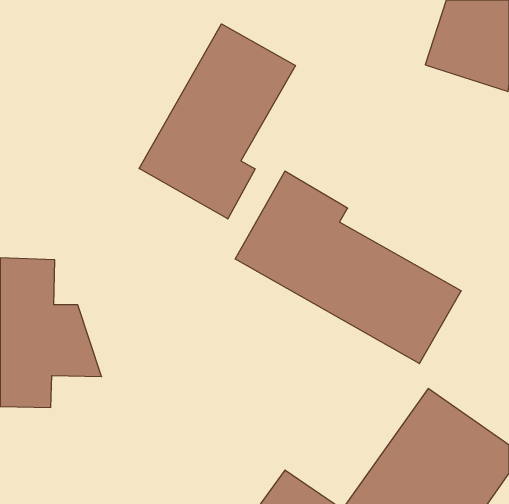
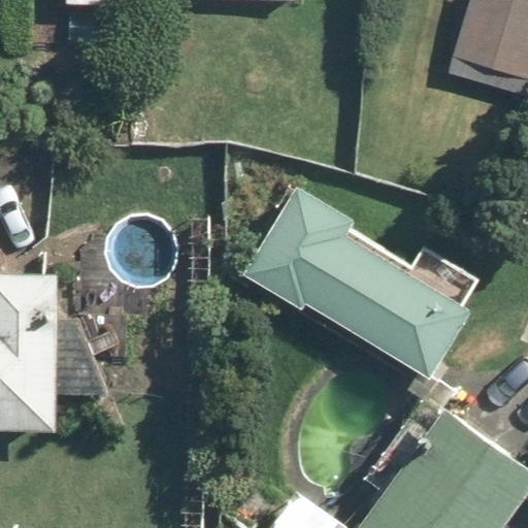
building: [139,24,295,219] -> none

